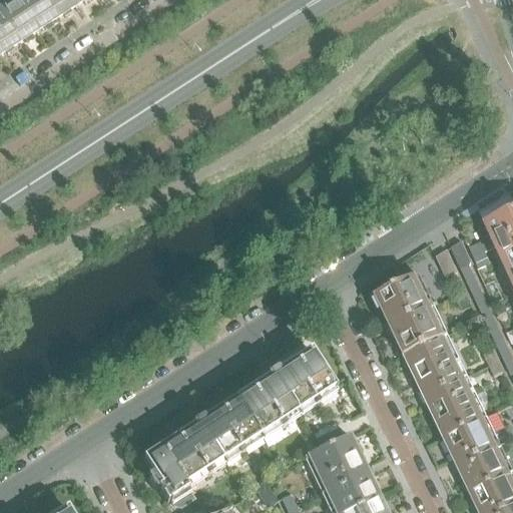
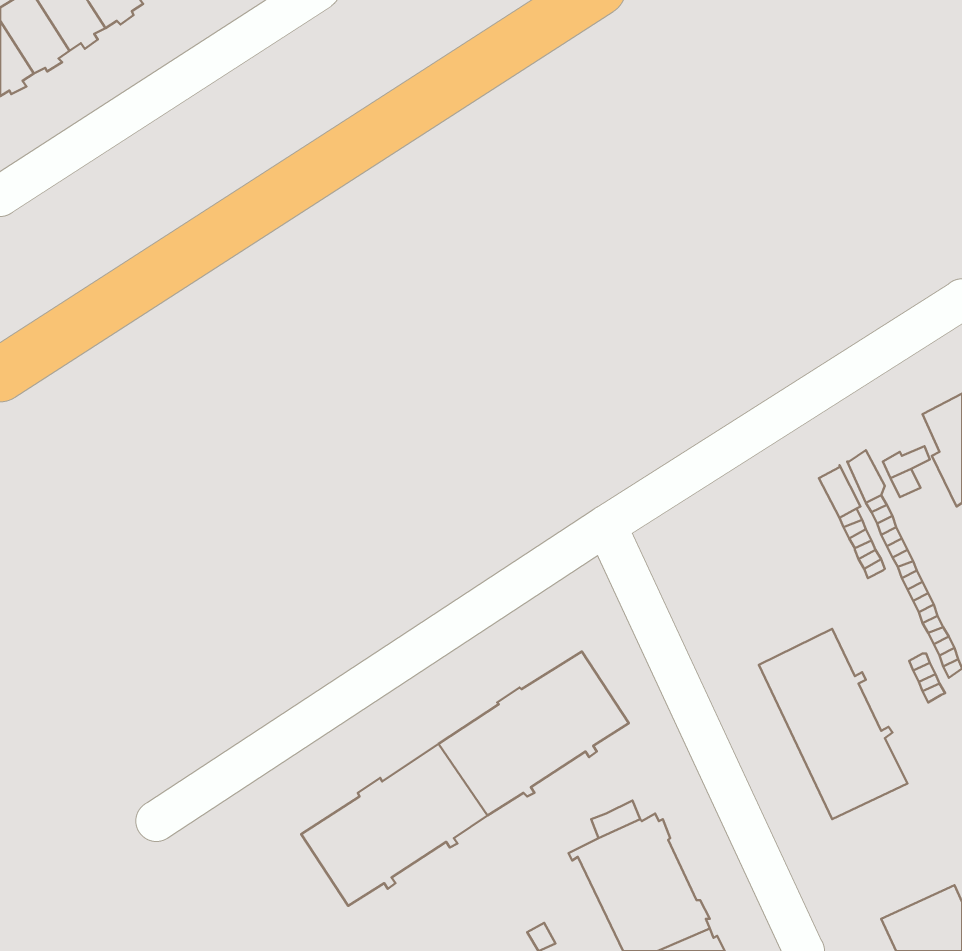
building: [376,274,443,354] -> none
building: [443,417,508,489] -> none
building: [142,444,187,500] -> none

